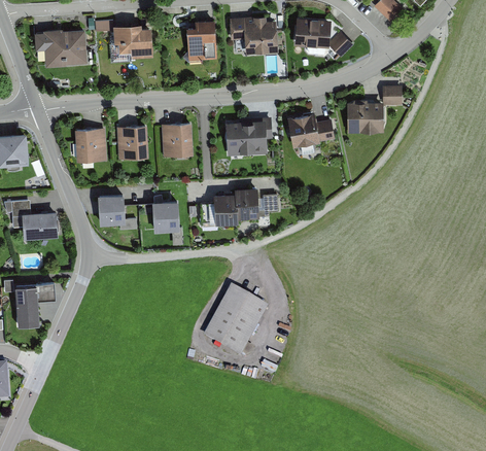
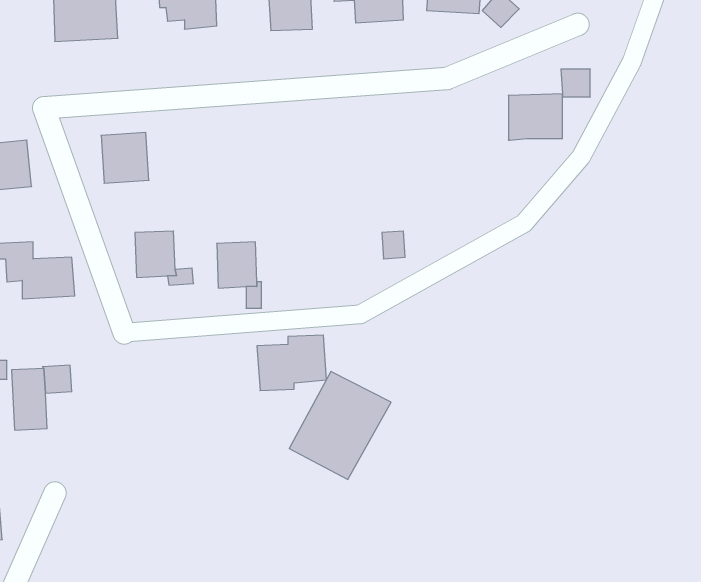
building: [287,113,335,147] -> none
building: [225,119,272,157] -> none
building: [162,123,194,157] -> none
building: [116,125,148,159] -> none
building: [213,187,259,224] -> [257,335,326,391]

